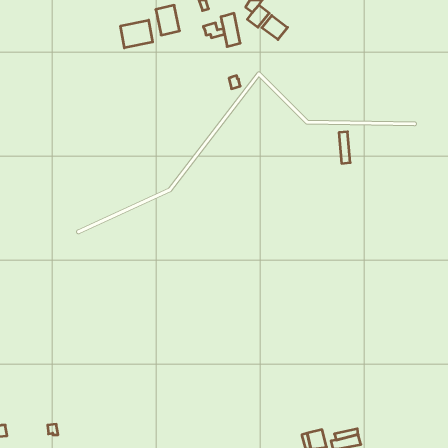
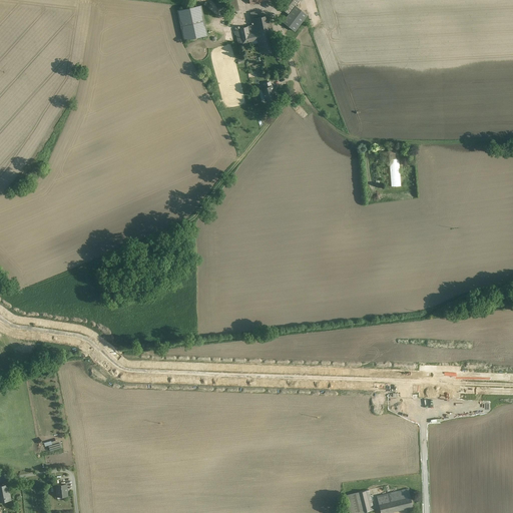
building: [262,15,288,40] -> none
building: [121,20,153,48] -> none

